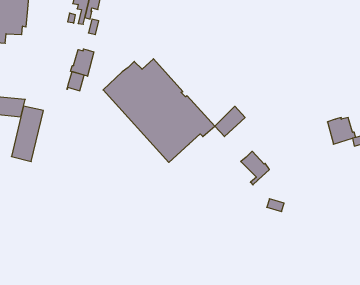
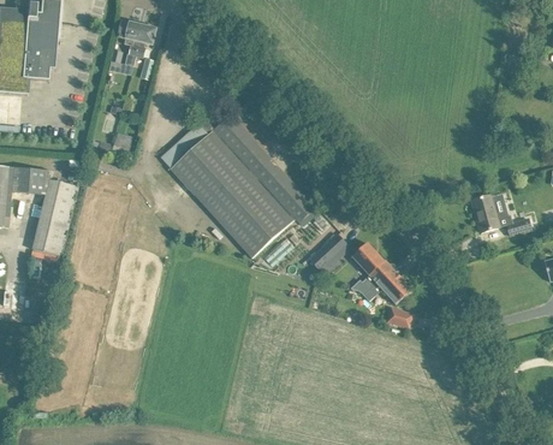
building: [71,49,94,76] -> none
building: [215,106,245,137] -> [309,232,351,274]
building: none -> [375,268,411,304]

